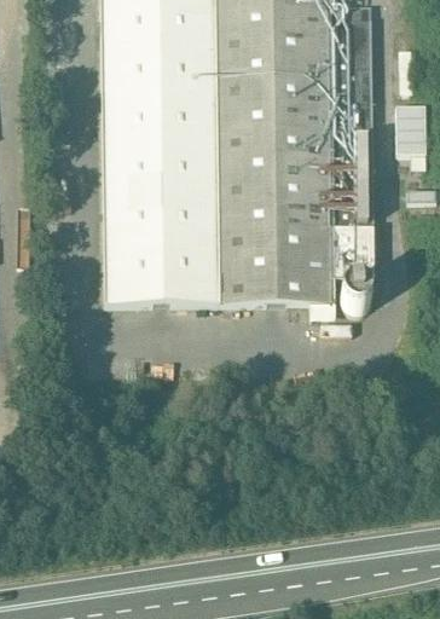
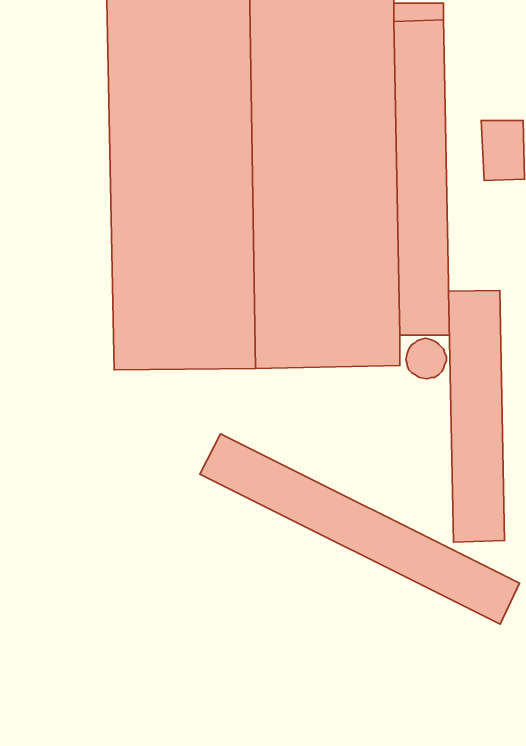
building: none -> [449,291,505,542]
building: none -> [200,434,519,624]

